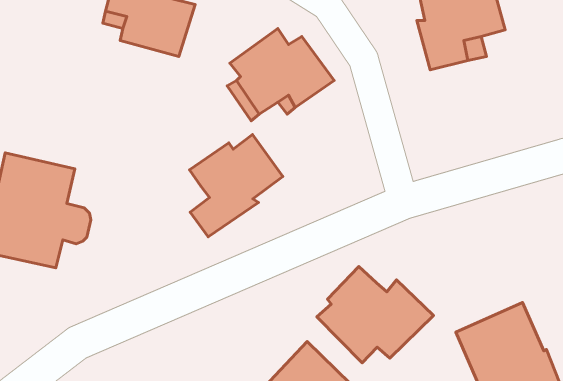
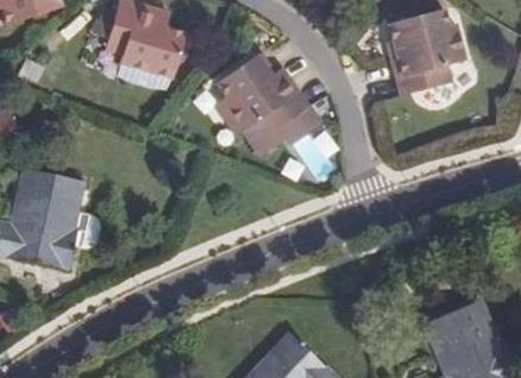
building: [190,135,283,237] -> none
building: [317,266,433,363] -> none

